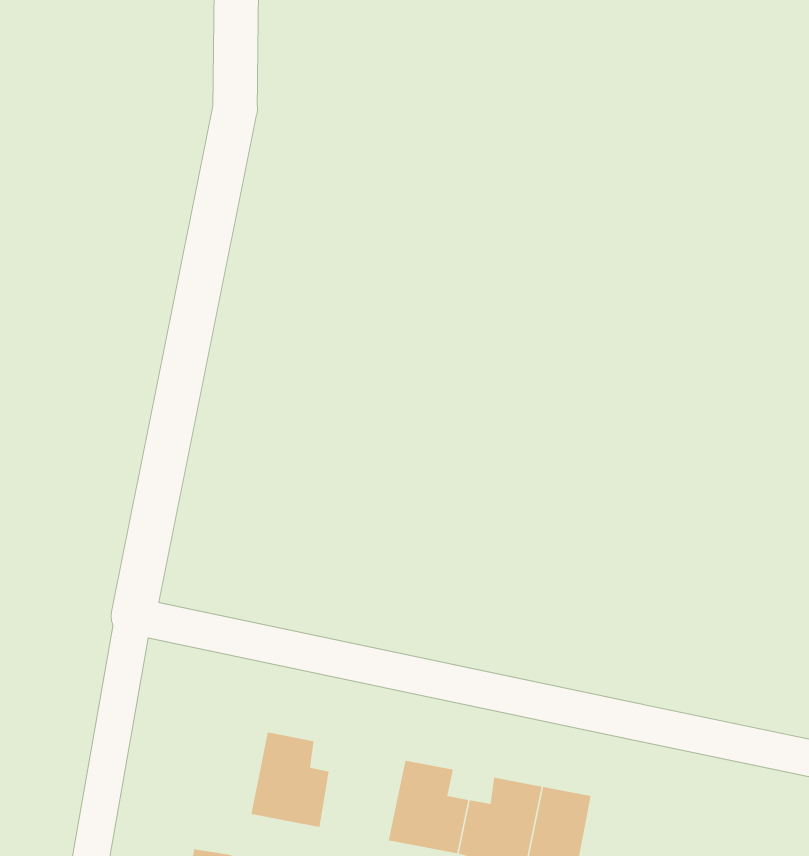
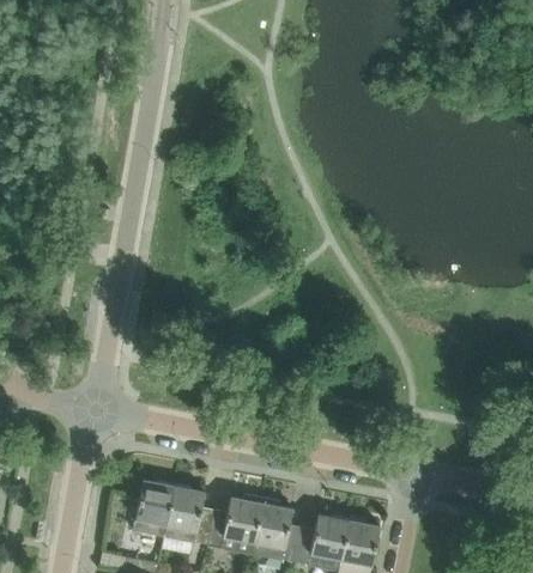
building: none -> [131,477,172,536]
building: none -> [206,495,260,553]

